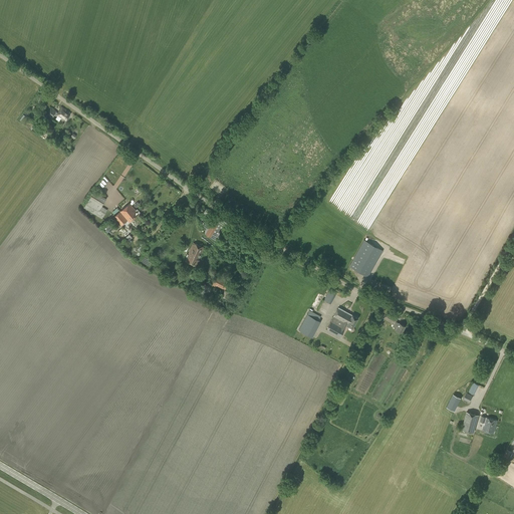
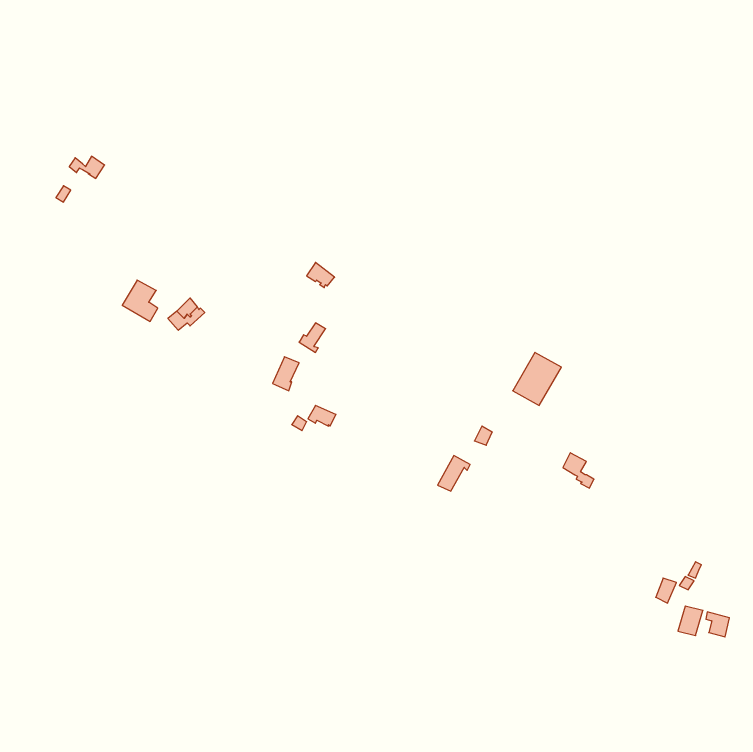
building: [326,308,357,337] -> none

